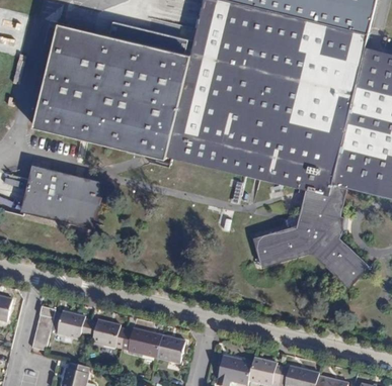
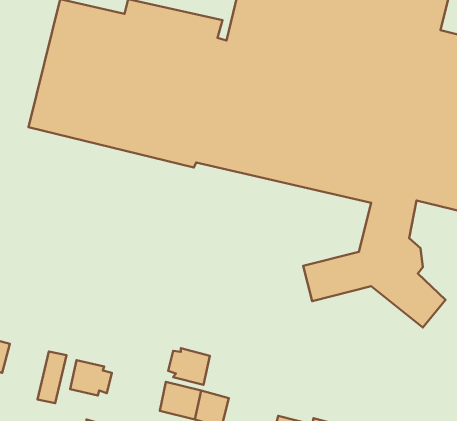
building: [19,165,105,227] -> none
building: [92,321,126,351] -> [168,348,210,385]

